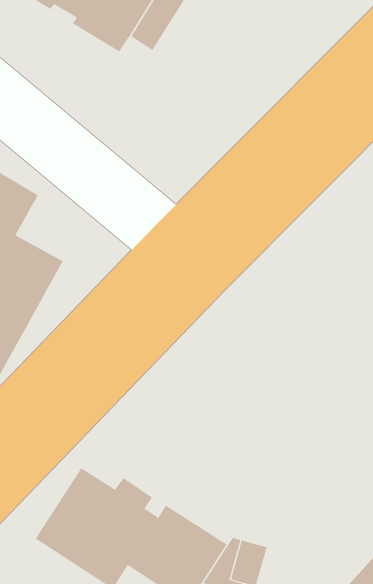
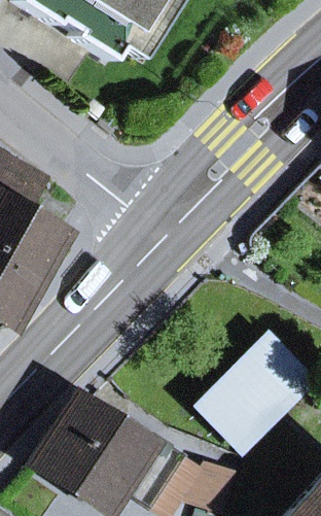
building: none -> [201,341,305,446]

